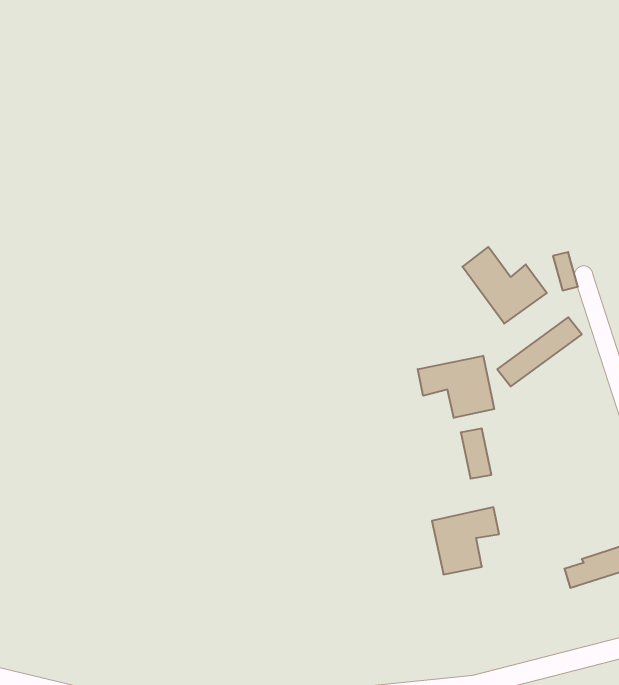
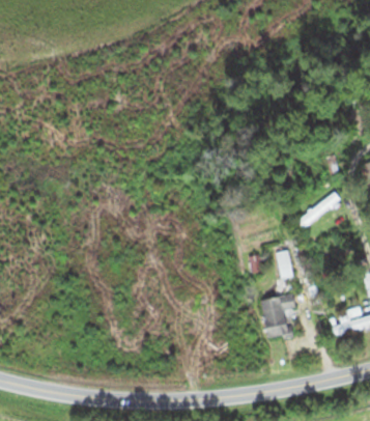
building: [462,247,547,324] -> none
building: [418,356,494,418] -> none

